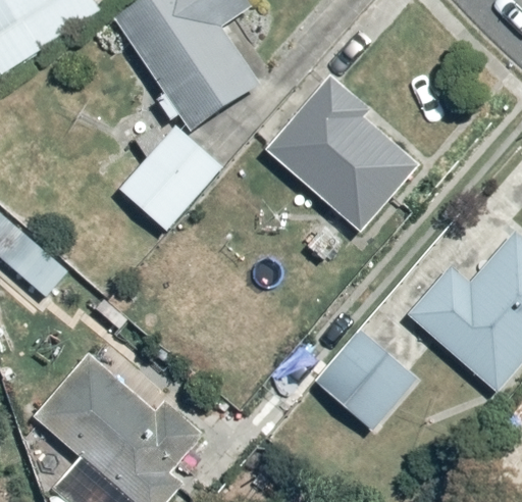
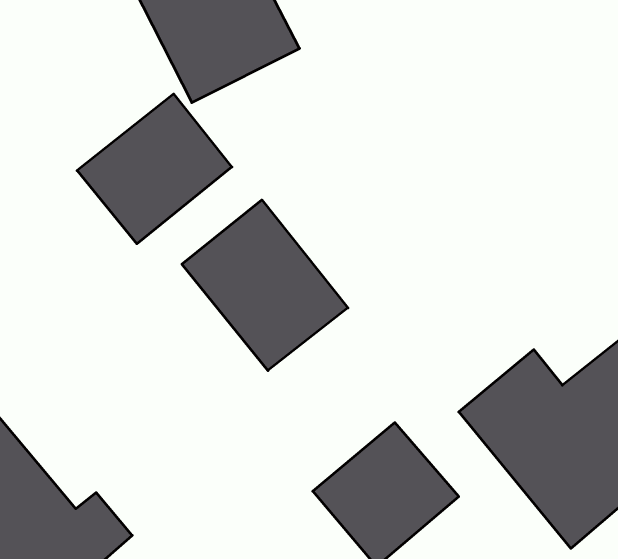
building: [252,78,407,230] -> none
building: none -> [182,200,348,371]

